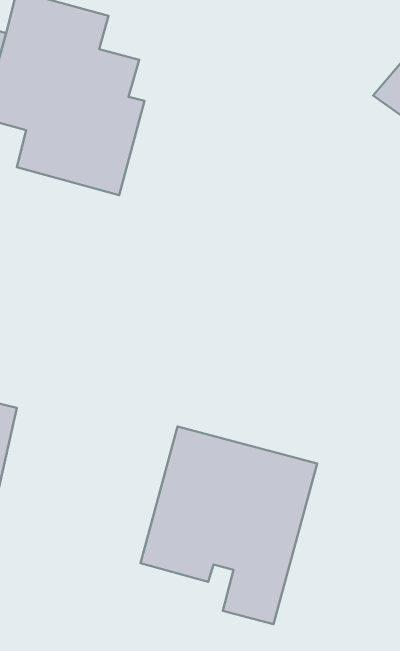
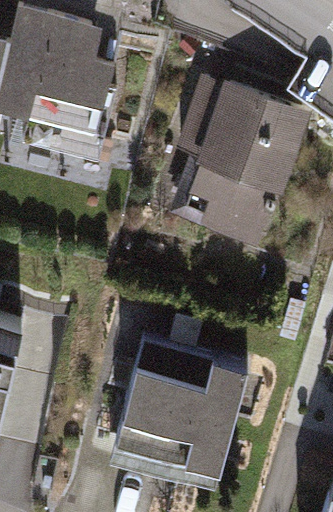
building: none -> [184,83,305,232]

